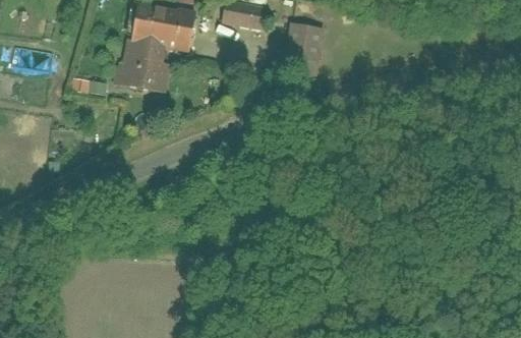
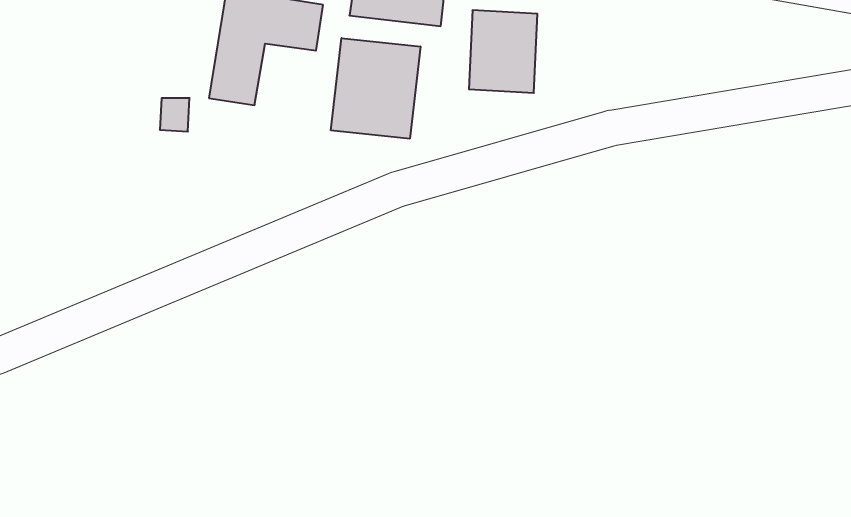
building: none -> [331,38,420,139]

